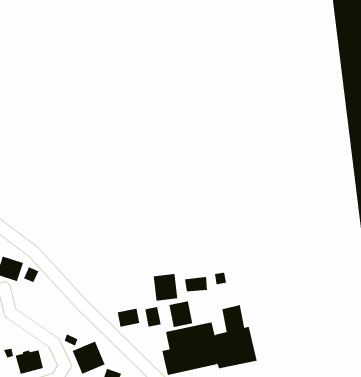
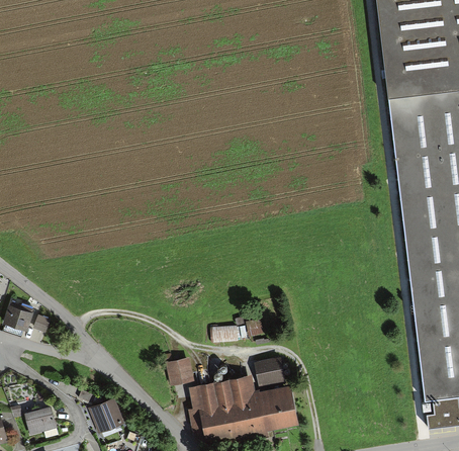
building: [153,273,178,301] -> none
building: [169,301,193,328] -> none
building: [117,308,140,327] -> none

